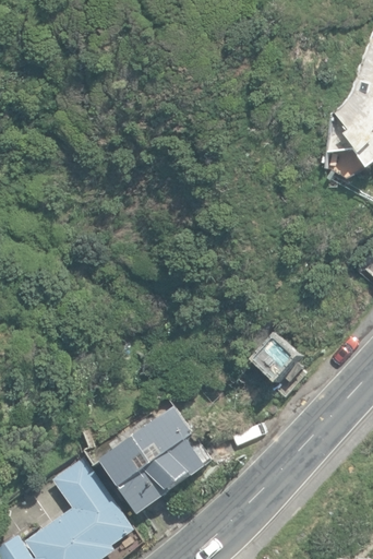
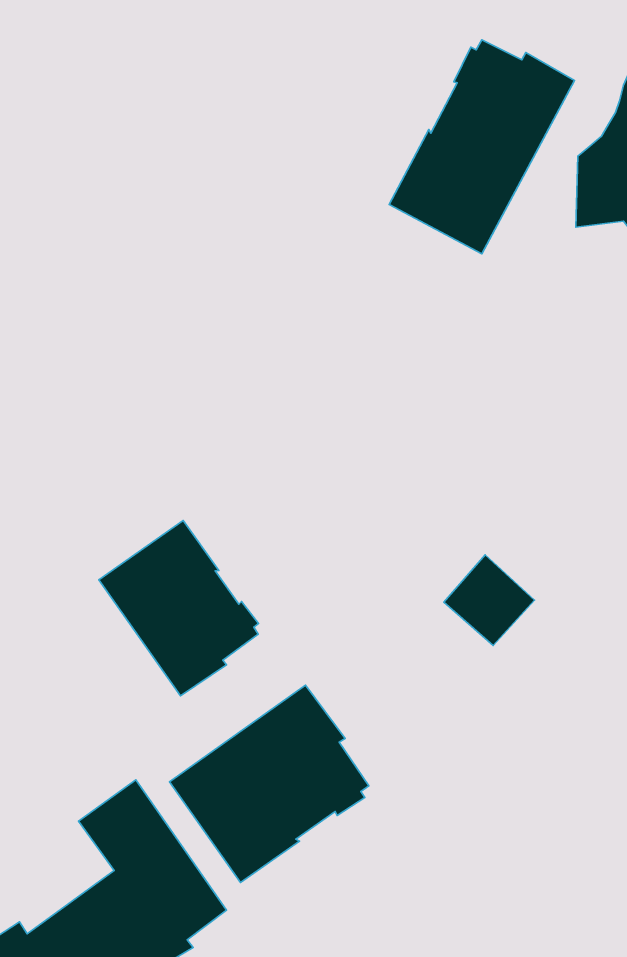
building: none -> [389,40,575,254]
building: none -> [99,520,258,696]

